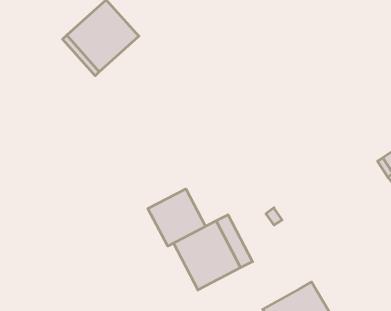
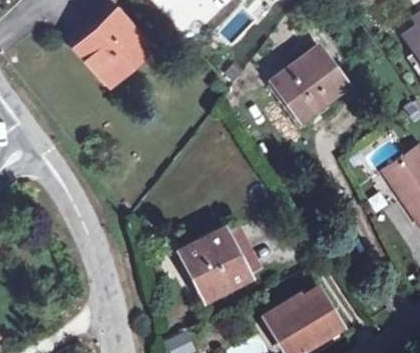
building: none -> [272,46,346,117]
building: [148,189,205,246] -> none

